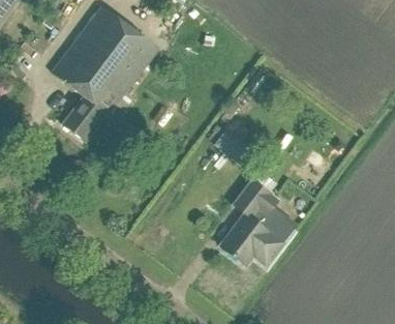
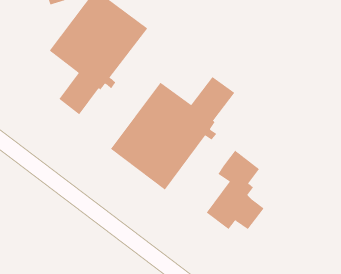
building: none -> [110,76,235,191]

